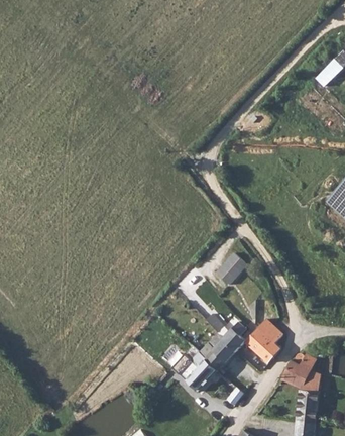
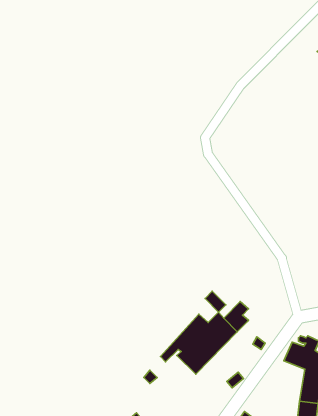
building: [215,252,245,285] -> none
building: [246,321,281,362] -> none

